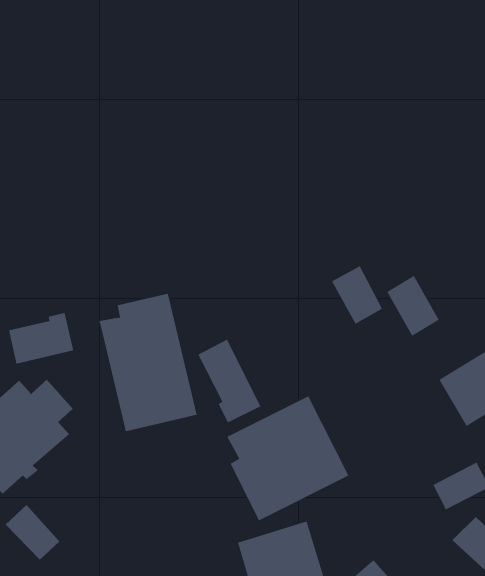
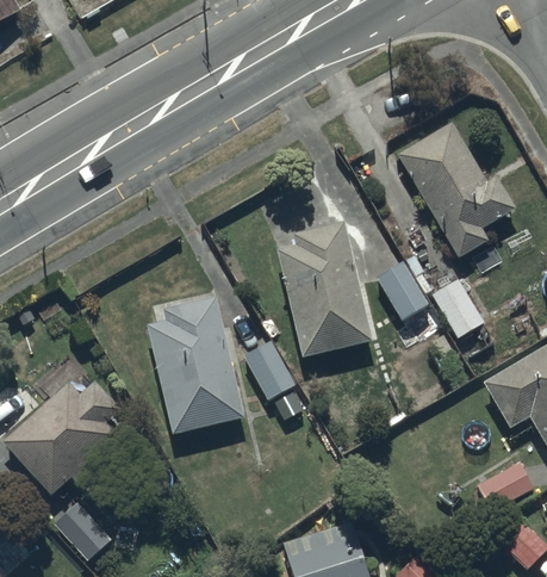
building: none -> [397,122,516,256]
building: none -> [276,221,372,356]
building: [8,312,74,365] -> none
building: [226,396,349,521] -> none

